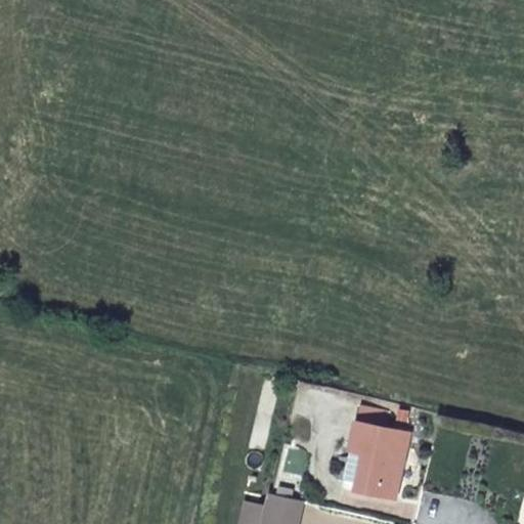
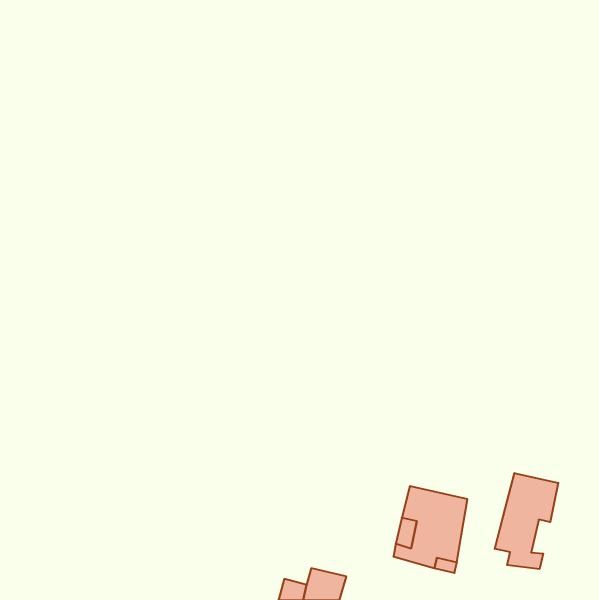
building: none -> [495,473,558,569]

